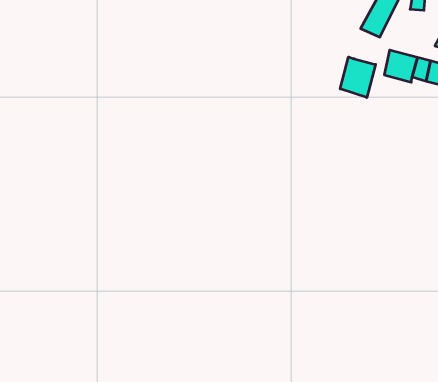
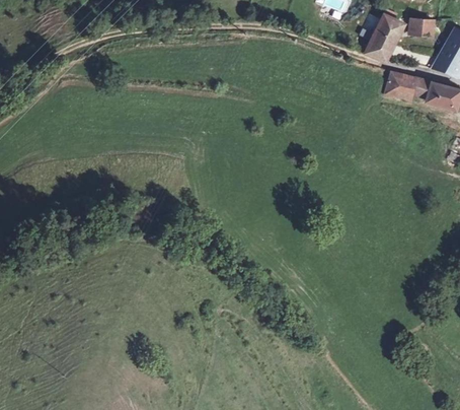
building: [340,57,376,98] -> none

